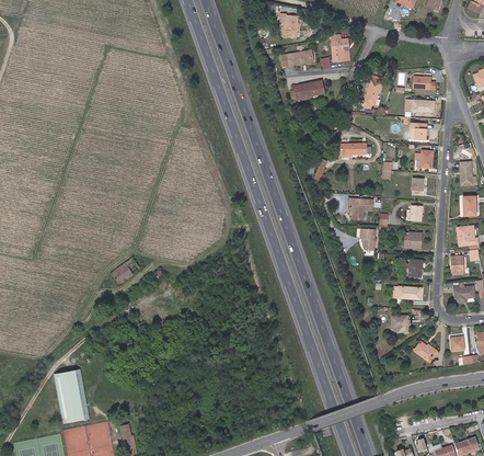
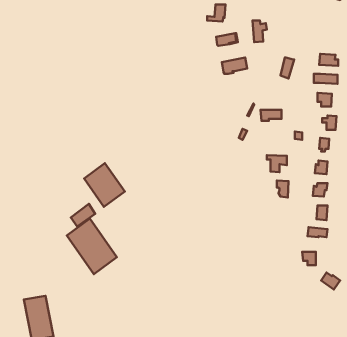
building: none -> [84,163,125,207]
building: none -> [67,219,117,274]

